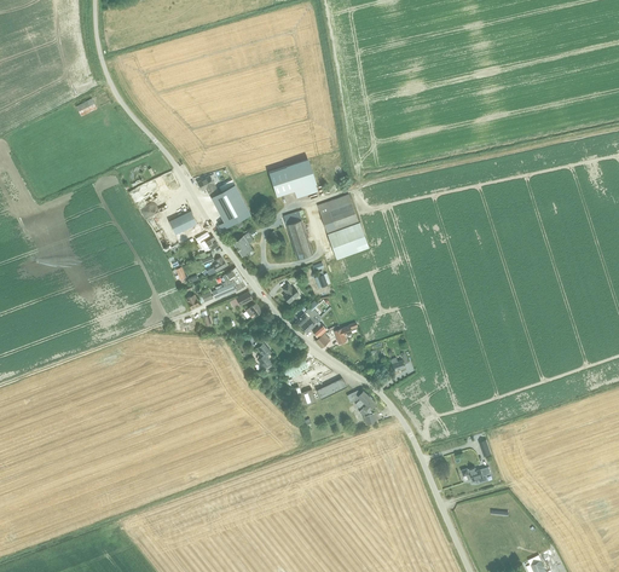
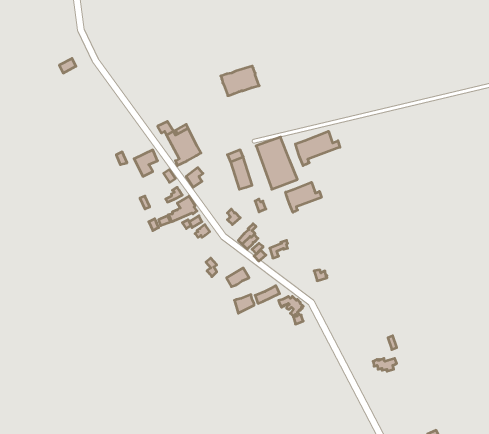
building: [268,160,316,196] -> [221,66,259,96]
building: none -> [295,131,340,166]
building: none -> [286,182,321,212]

